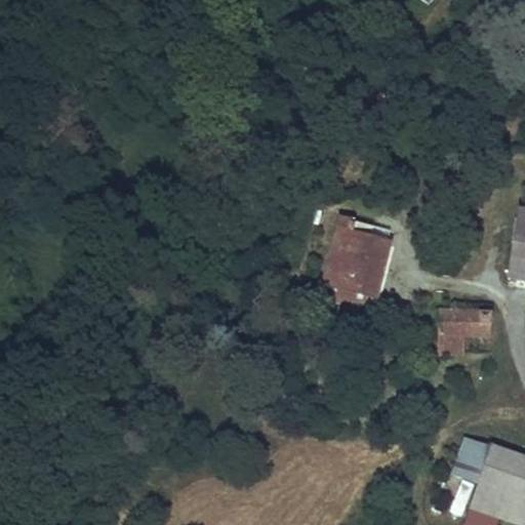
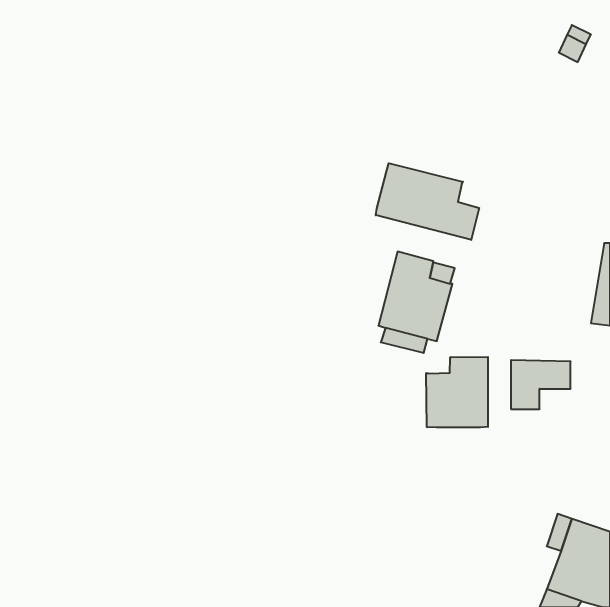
building: none -> [376,163,479,240]
building: none -> [426,357,488,427]

